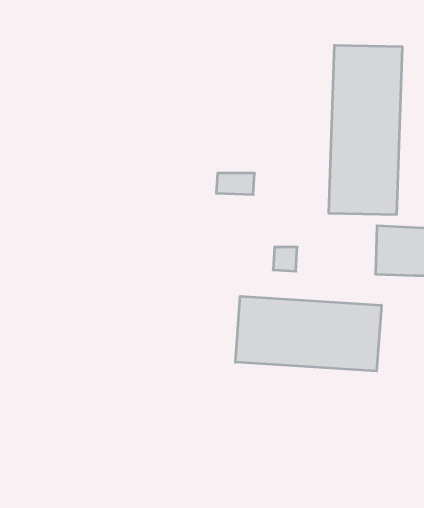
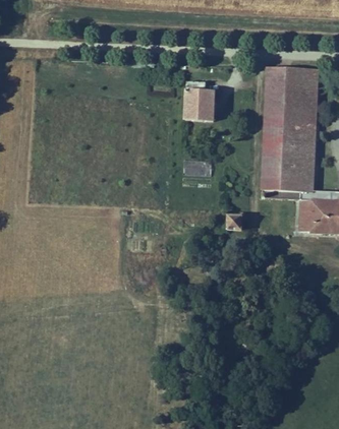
building: none -> [185,79,217,119]
building: [235,296,381,371] -> none

